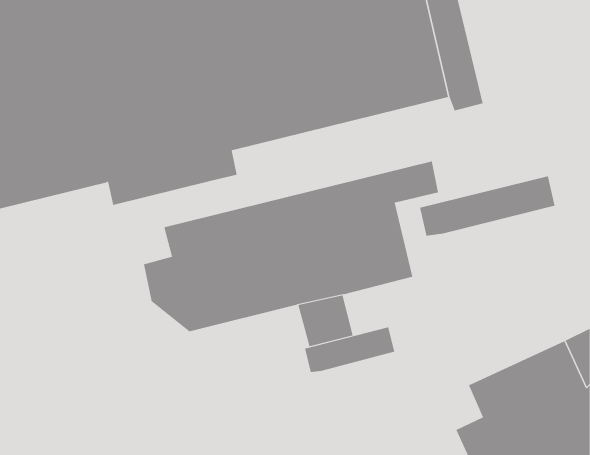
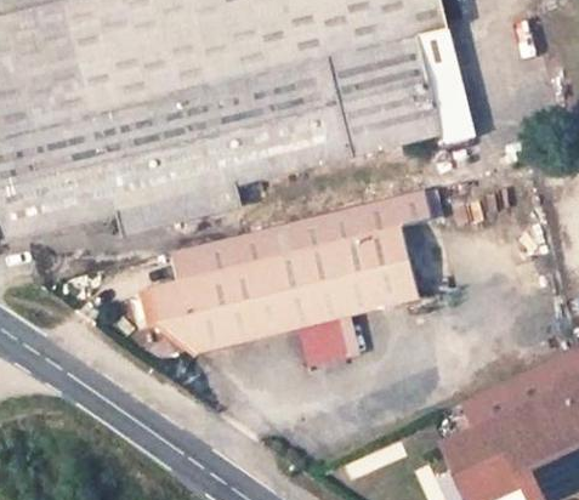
building: [420,176,555,237] -> none
building: [304,326,395,373] -> none

